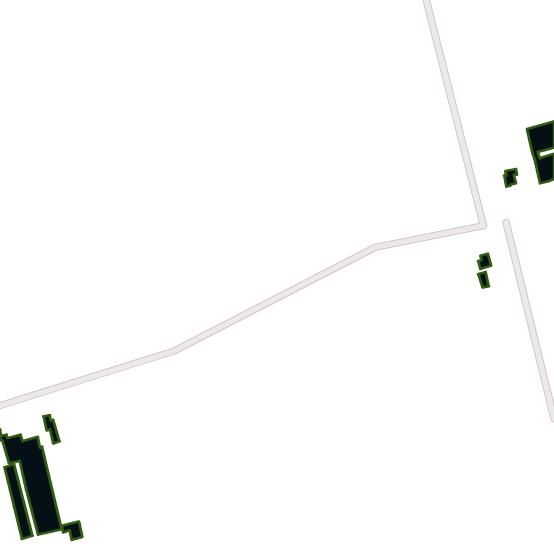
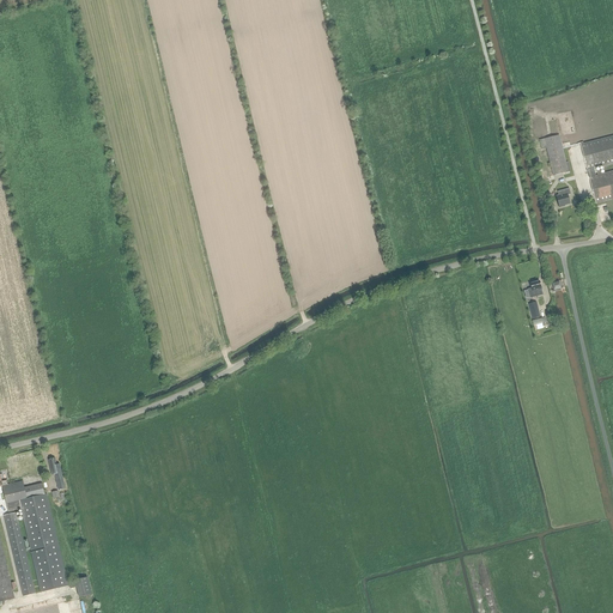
building: none -> [540,134,570,175]

